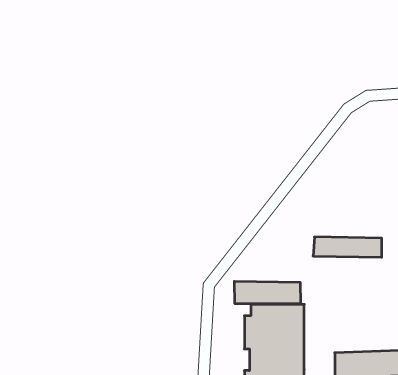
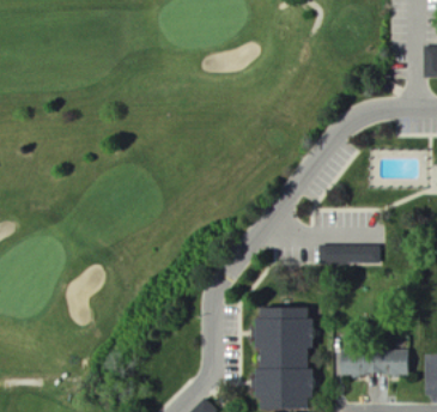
building: [234,281,300,304] -> none

